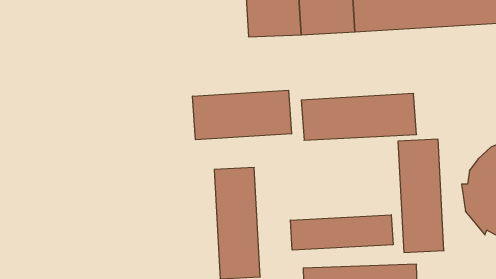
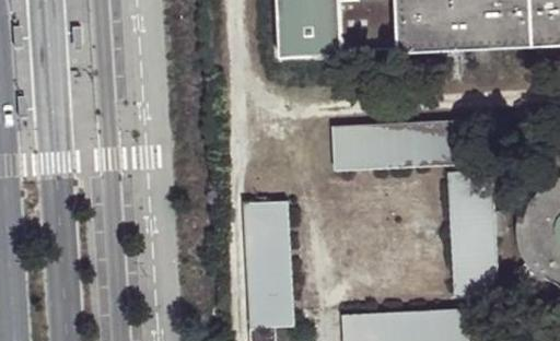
building: [193,90,291,140] -> none
building: [290,215,393,250] -> none

